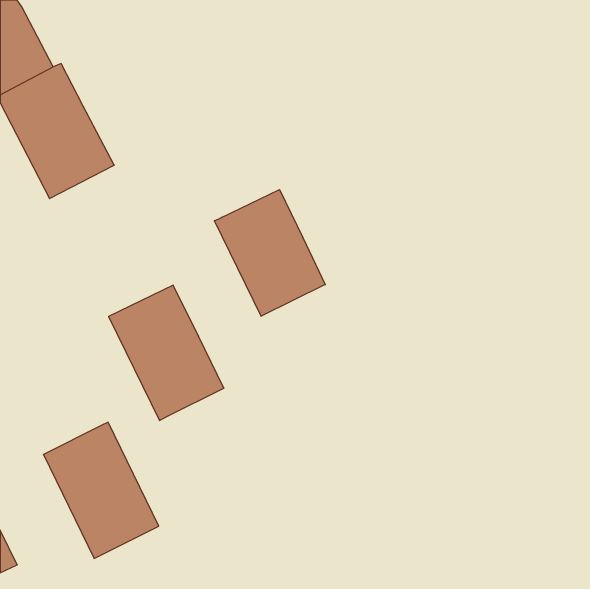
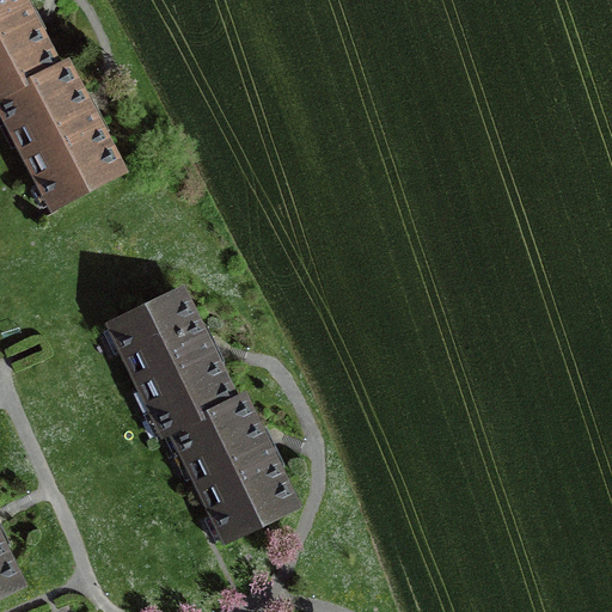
building: [214,190,325,316] -> none
building: [43,422,159,558] -> [172,399,292,540]

